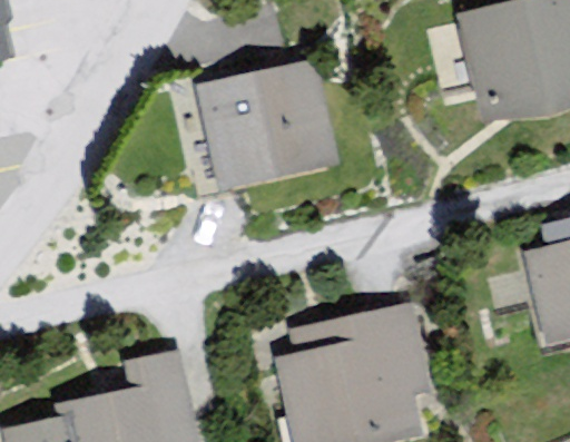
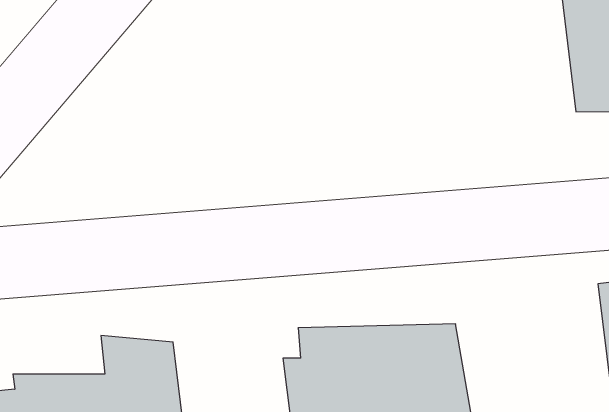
building: [197,58,343,183] -> none

